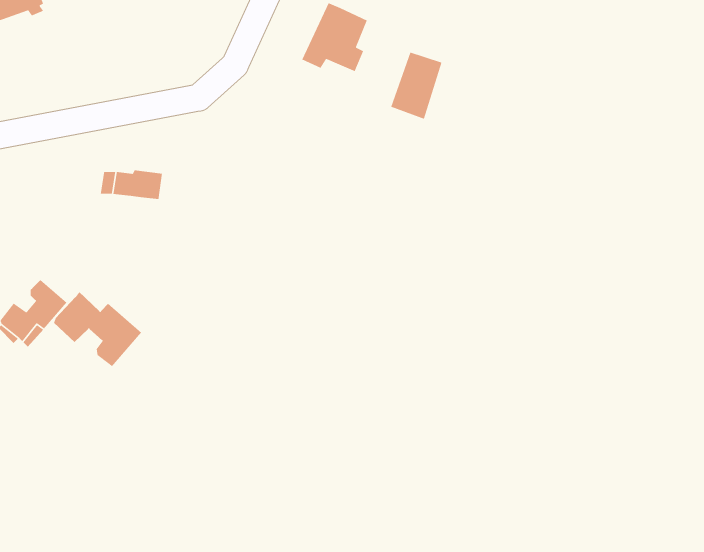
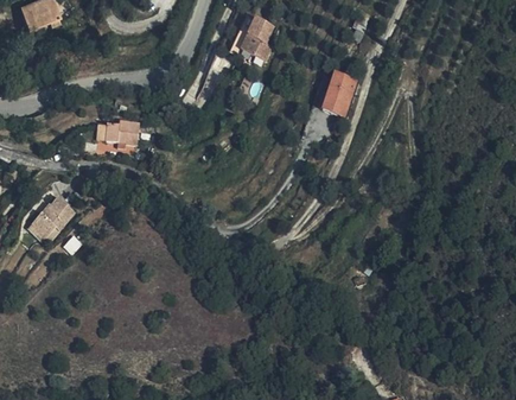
building: [390,51,442,120] -> [321,71,356,116]
building: [53,291,142,367] -> none

